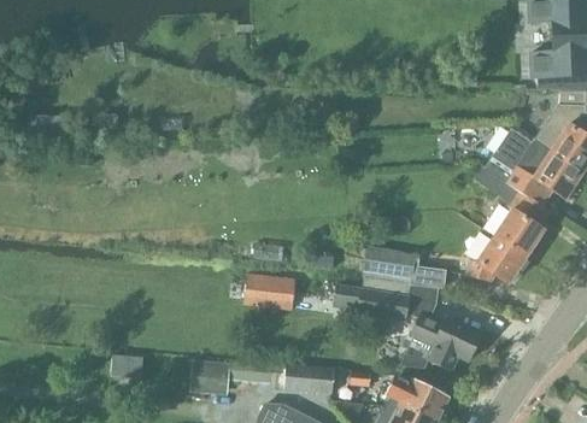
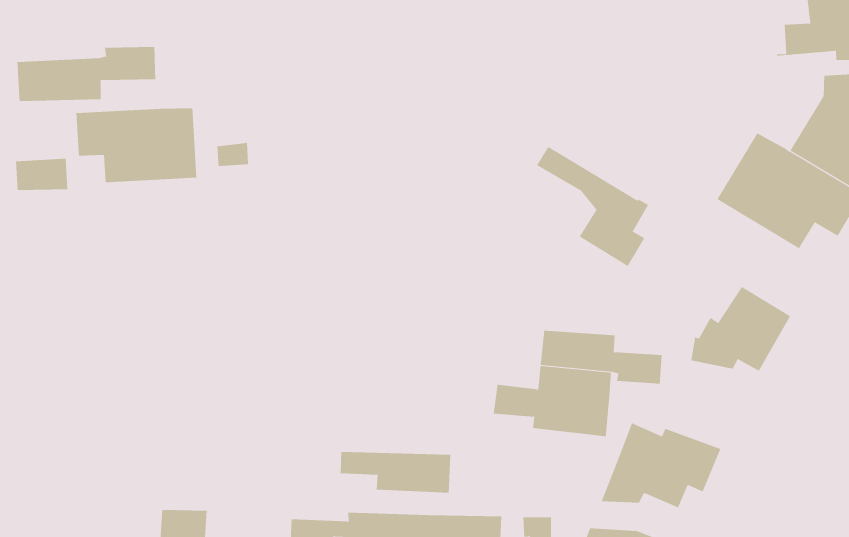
building: none -> [17,46,156,102]
building: none -> [76,107,197,183]
building: [475,168,547,249] -> [536,146,649,267]
building: [222,270,295,301] -> [340,451,451,493]

